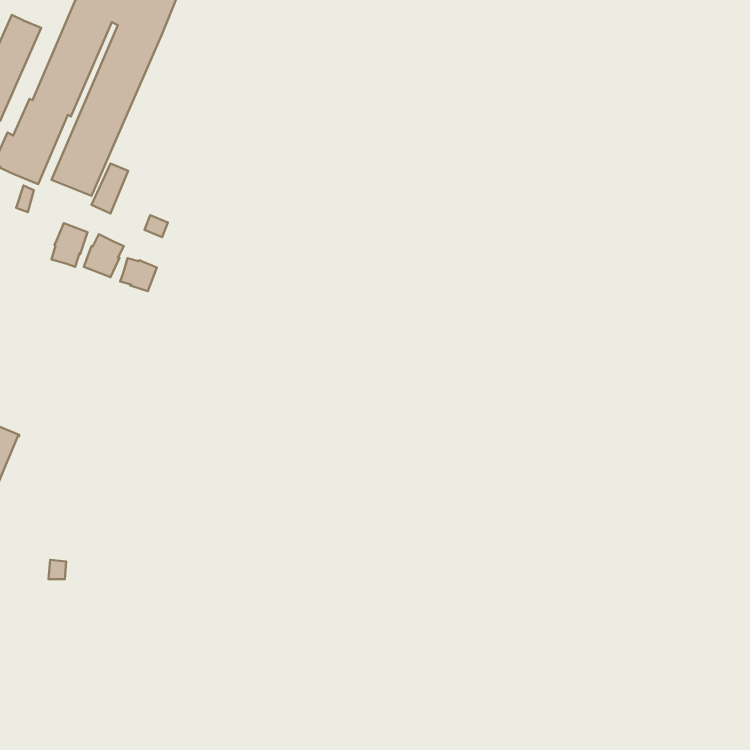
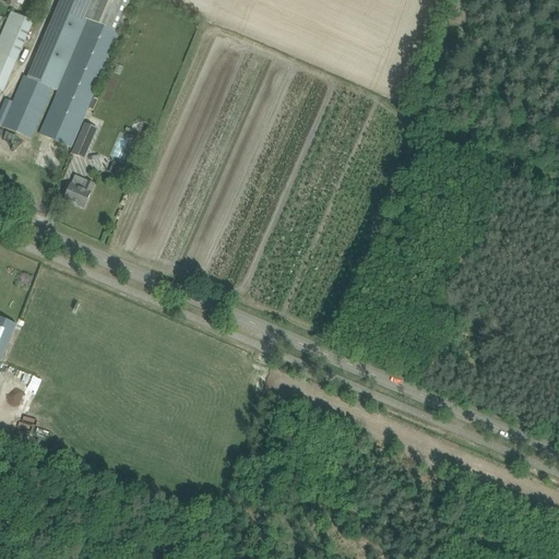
building: [51,223,87,267] -> none
building: [120,258,157,291] -> none

